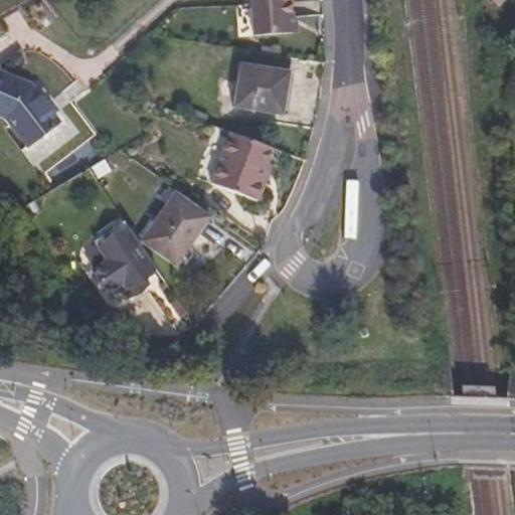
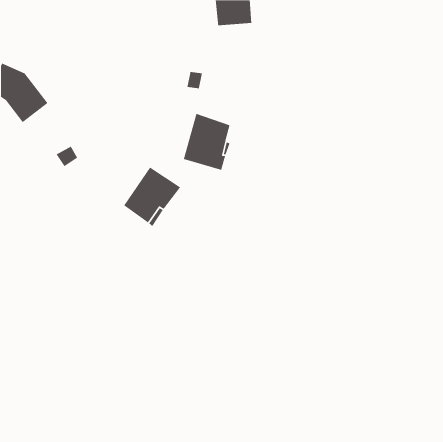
building: [240,63,291,114] -> none
building: [95,221,157,298] -> none

